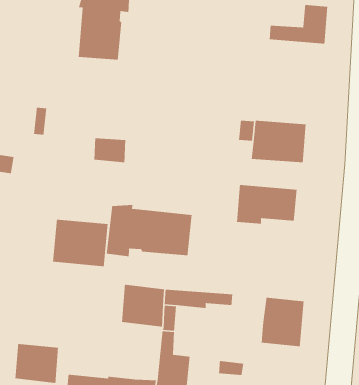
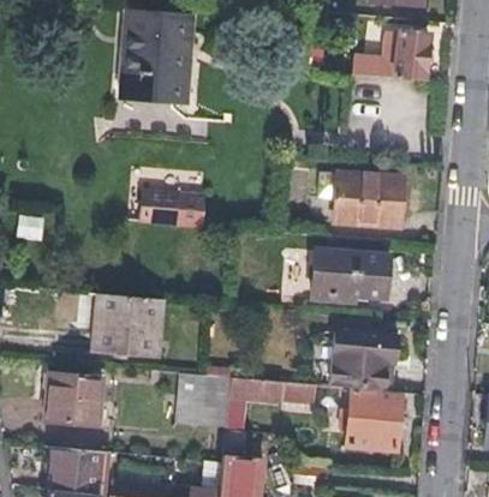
building: [106,204,193,257] -> none
building: none -> [330,333,399,391]
building: none -> [46,371,101,424]

